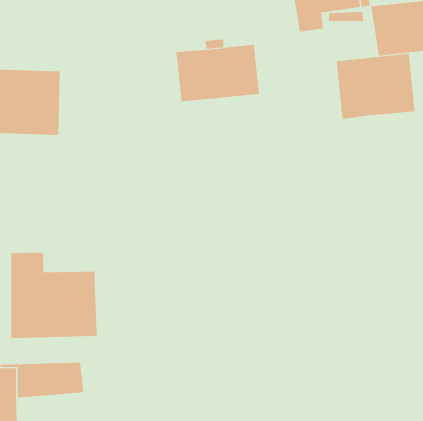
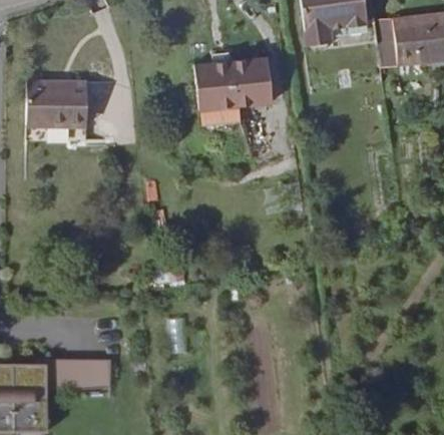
building: [336,53,415,120] -> none
building: [11,252,97,339] -> none

